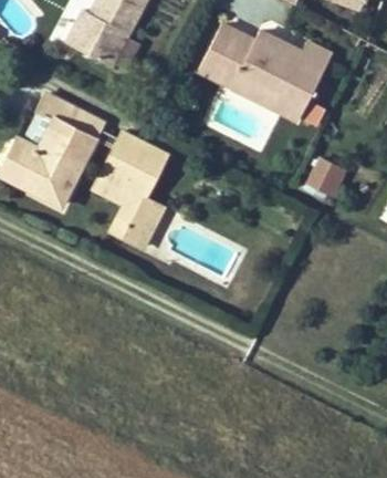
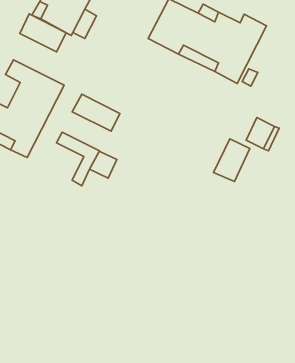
building: none -> [20,14,66,52]
building: [101,154,156,199] -> none
building: none -> [214,139,250,182]

